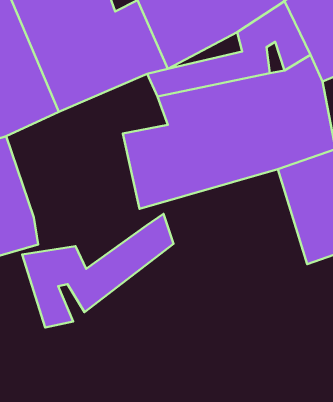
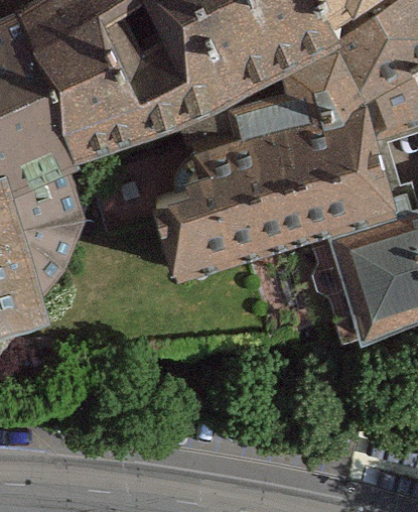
building: none -> [11,170,82,293]
building: [22,214,173,327] -> none

